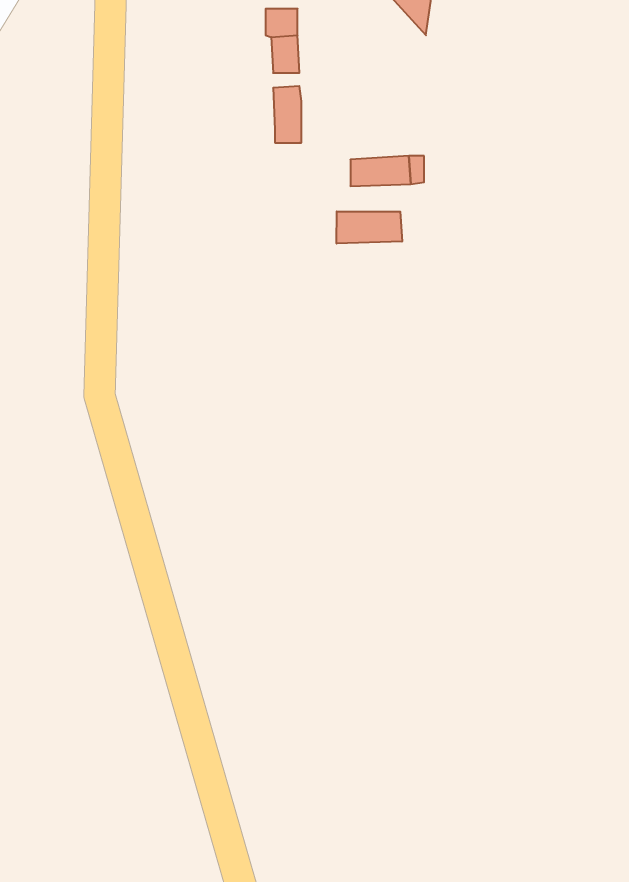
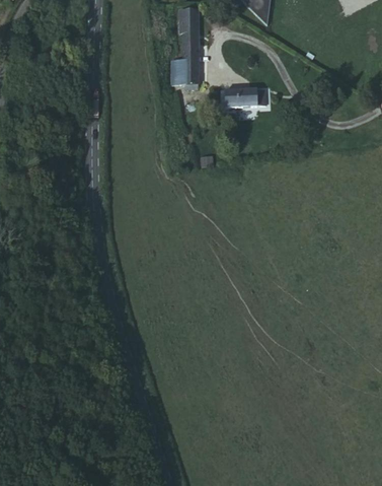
building: [337,211,402,244] -> none

